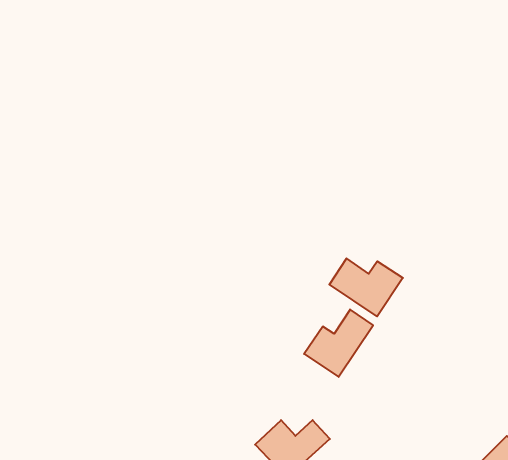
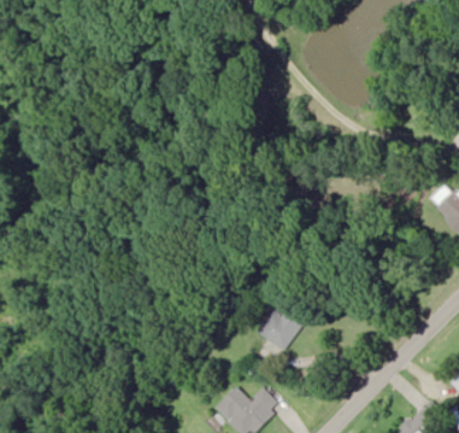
building: [329,258,403,316] -> none

